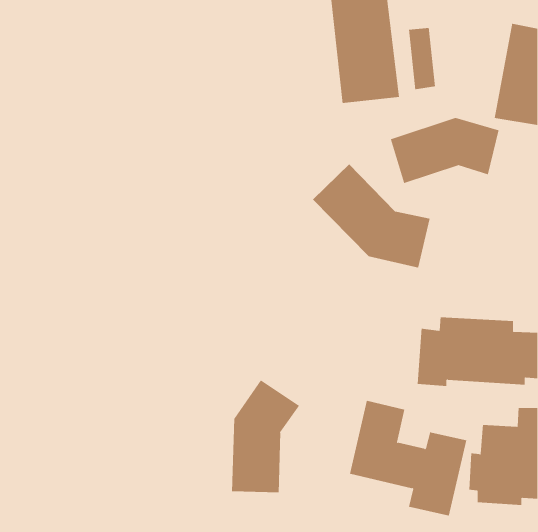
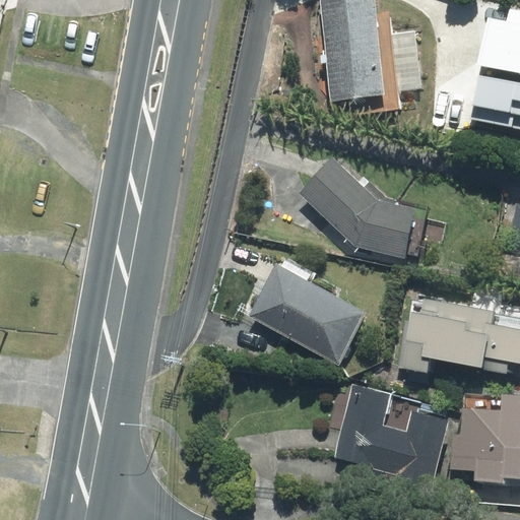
building: [390,117,499,184] -> none
building: none -> [242,255,366,363]
building: [232,379,300,493] -> none

